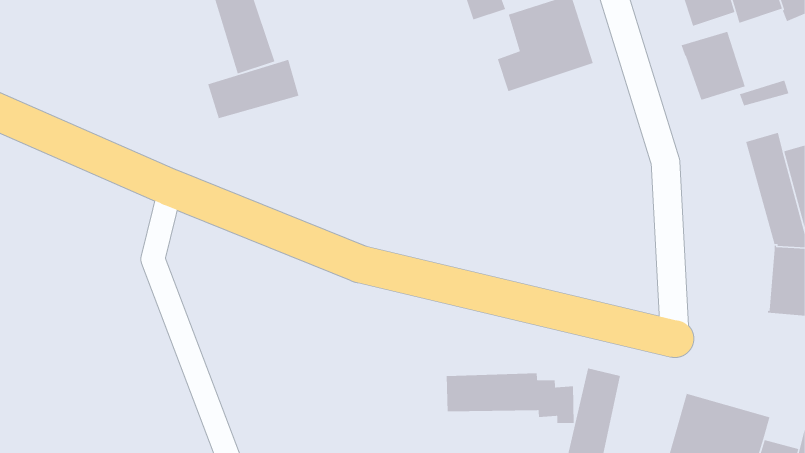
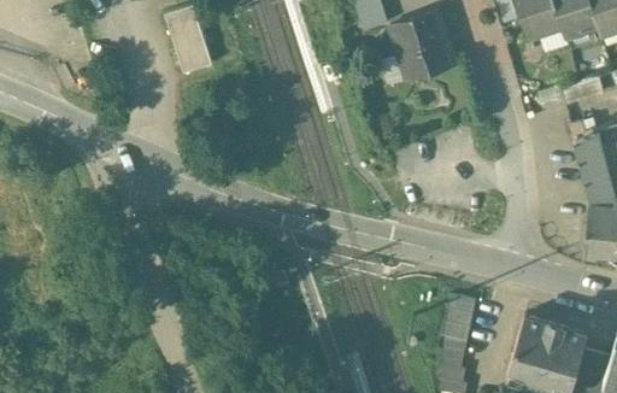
building: [680,31,746,101] -> none
building: [207,59,299,119] -> none
building: [446,372,574,424] -> none

